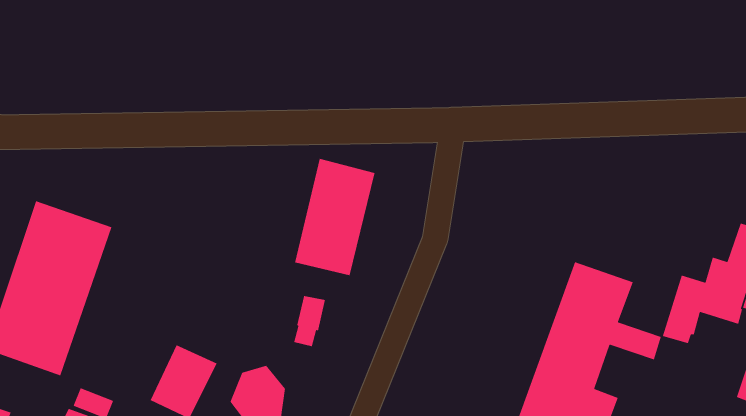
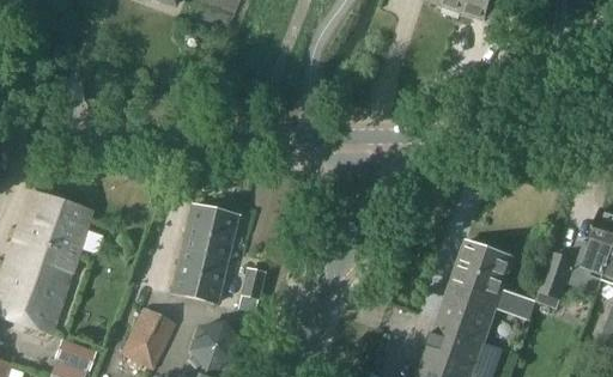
building: [294,158,375,276] -> [171,205,237,300]

